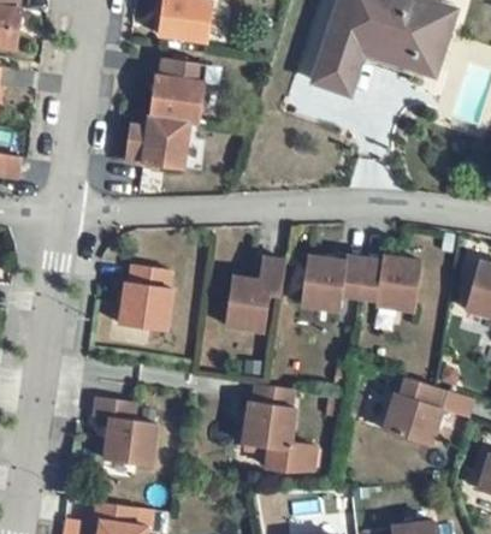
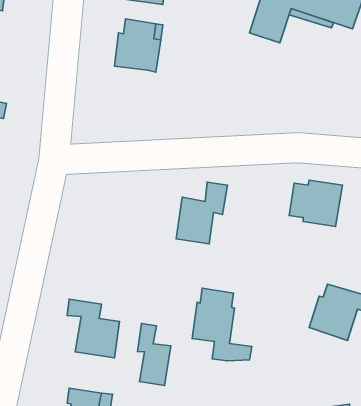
building: [125,118,190,172] -> none
building: [300,254,365,309] -> none
building: [120,263,173,330] -> none
building: none -> [138,323,171,385]

